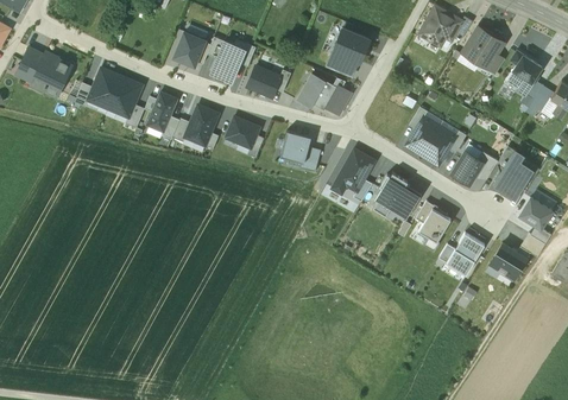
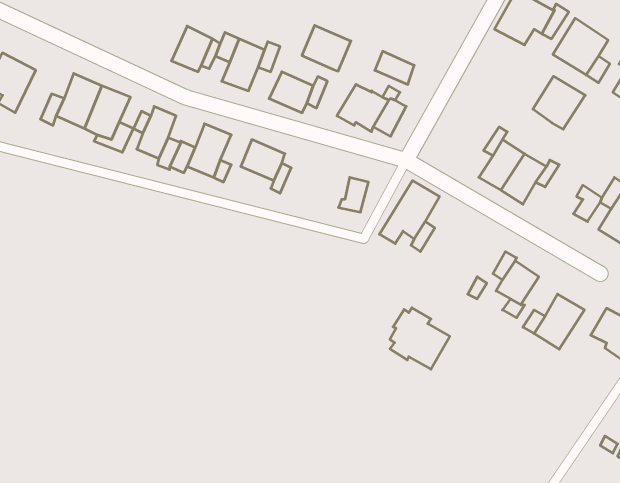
building: [333,28,370,63] -> [302,25,351,71]
building: none -> [533,76,585,129]
building: [280,131,310,163] -> none
building: [452,152,484,185] -> none
building: [377,173,422,220] -> [390,308,450,369]

